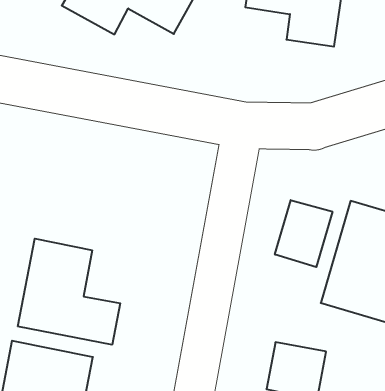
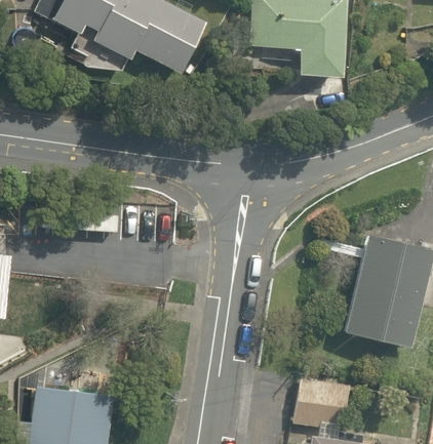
building: [275,200,332,267] -> none
building: [18,239,120,345] -> none

